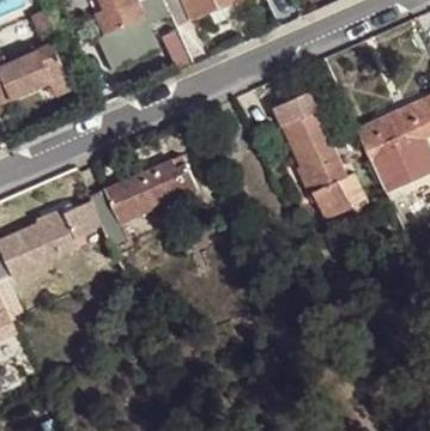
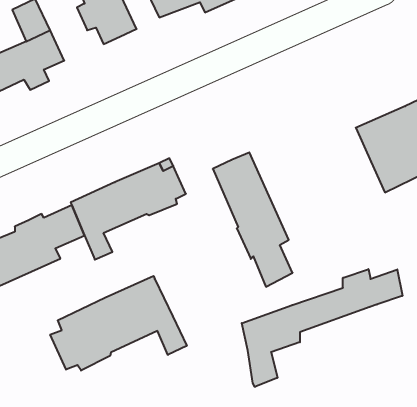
building: [277,92,352,219] -> [213,152,293,287]
building: none -> [242,269,402,387]
building: none -> [50,276,187,371]

